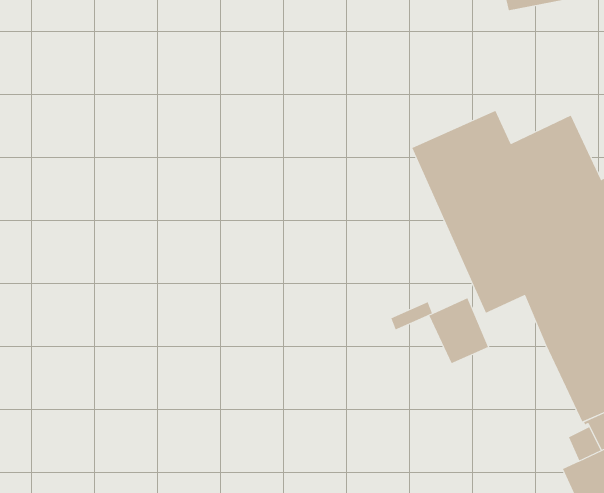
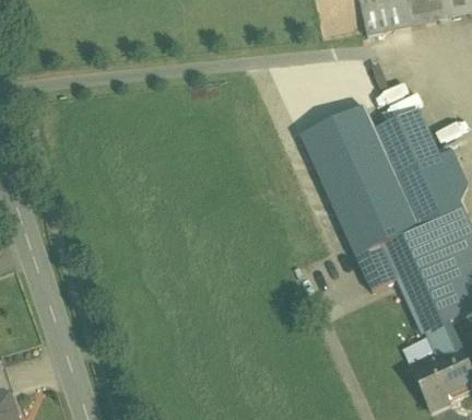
building: [429,297,489,364] -> [353,238,397,287]

